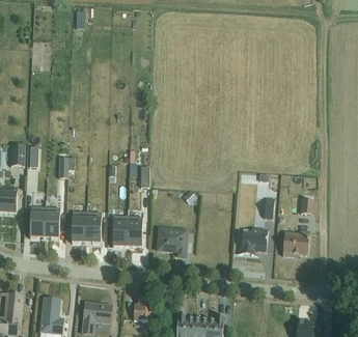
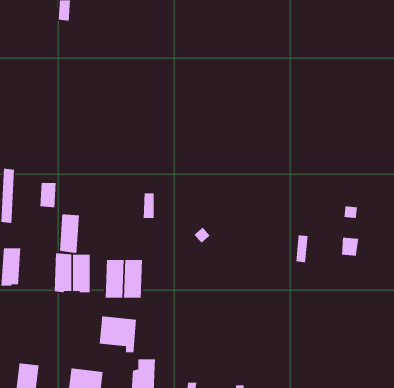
building: [44,207,60,240] -> [59,213,80,254]
building: [157,227,187,257] -> [99,315,137,353]
building: [241,228,268,255] -> none
building: [282,230,309,257] -> none

